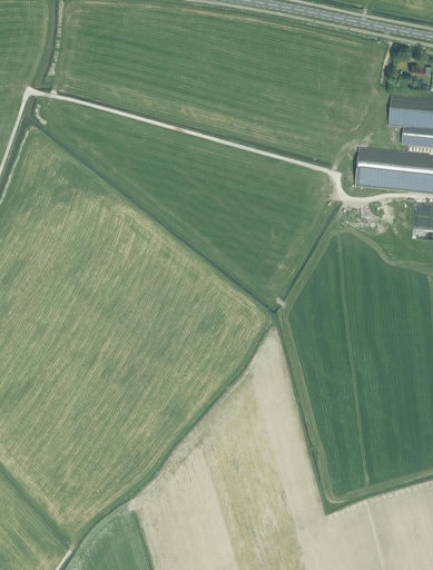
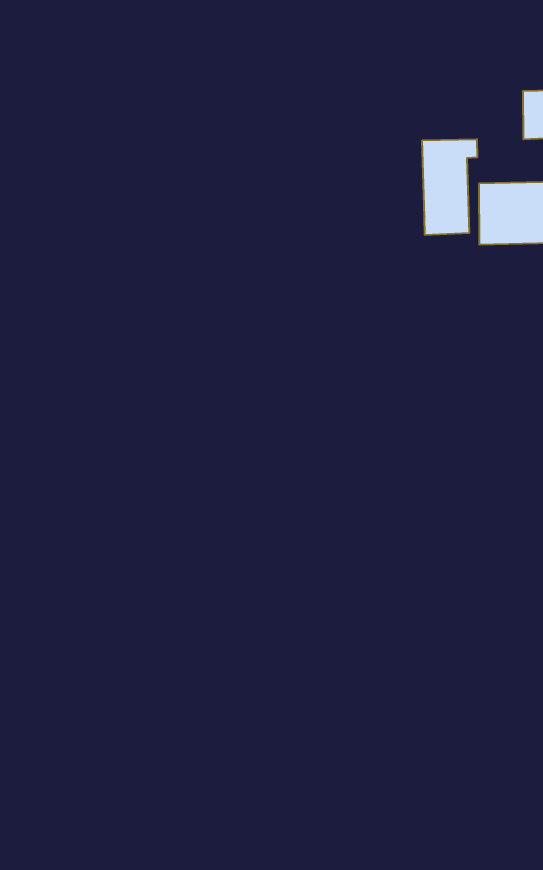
building: none -> [422,139,477,235]

